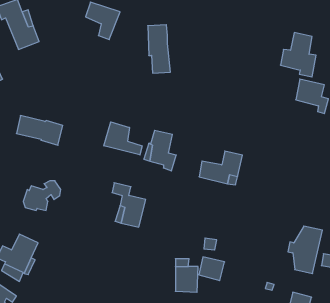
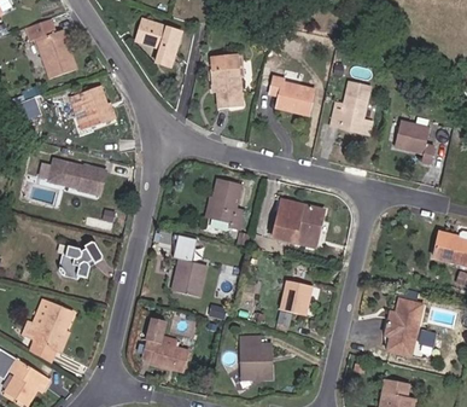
building: [280,33,316,77] -> [327,80,370,134]
building: none -> [267,77,310,115]
building: none -> [71,86,115,132]
building: [104,122,142,155] -> none
building: none -> [141,313,189,367]
building: [199,257,225,281] -> [284,279,315,308]

